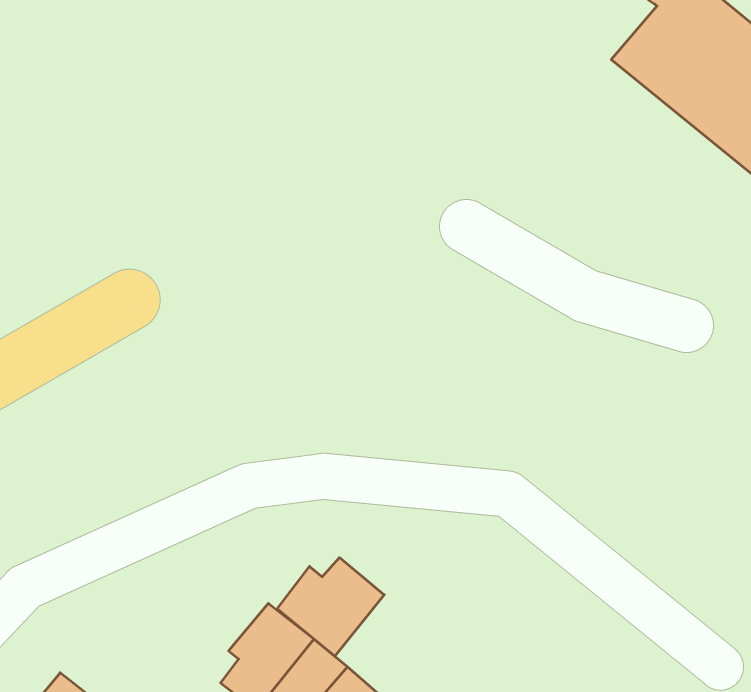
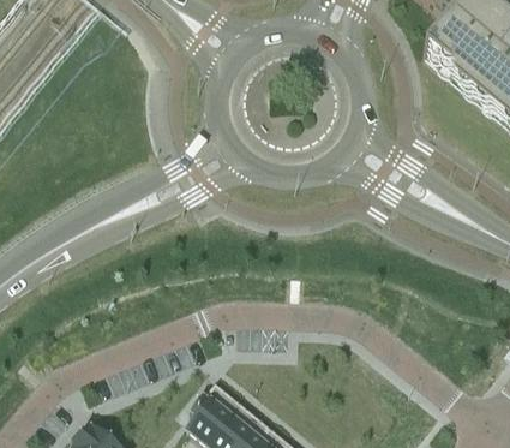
building: [277,558,384,656] -> none

